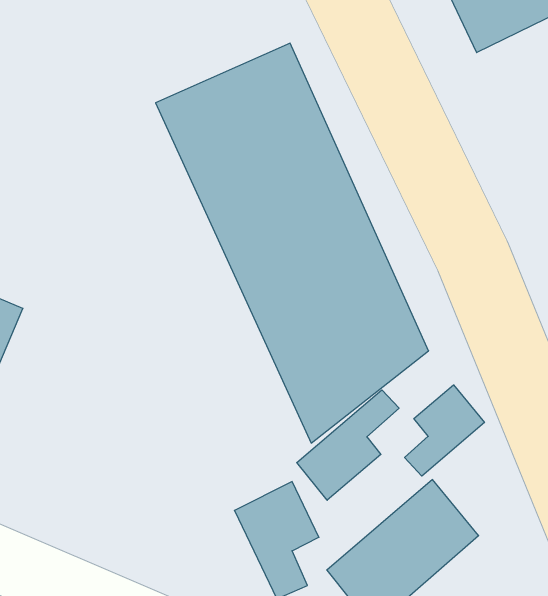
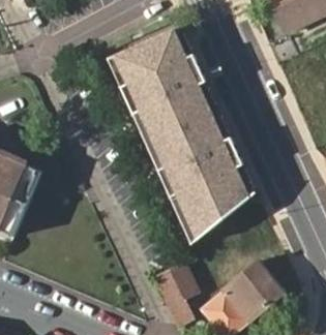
building: [405,385,484,476] -> none
building: [297,390,399,500] -> none

